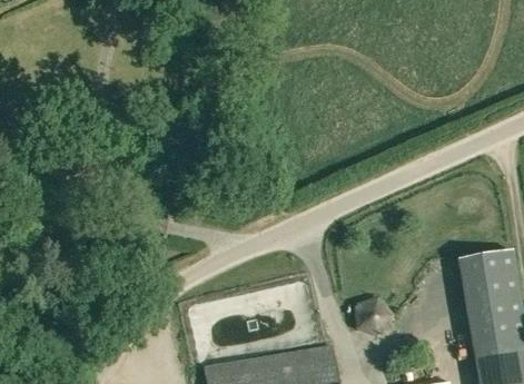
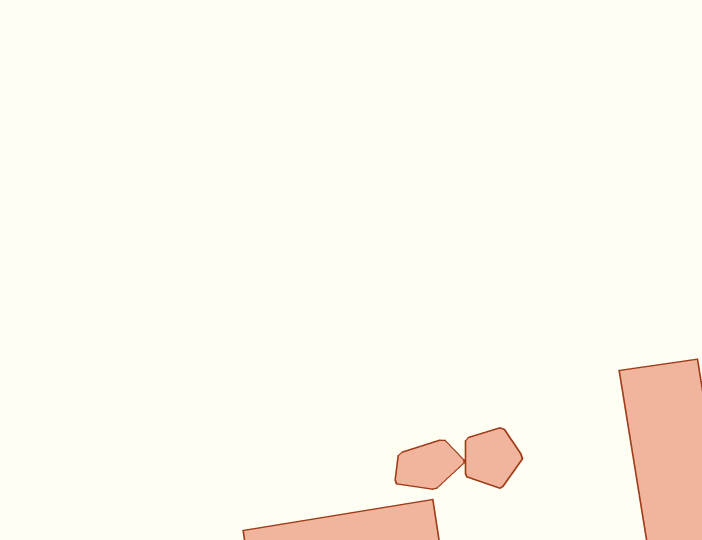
building: none -> [395,440,464,489]

